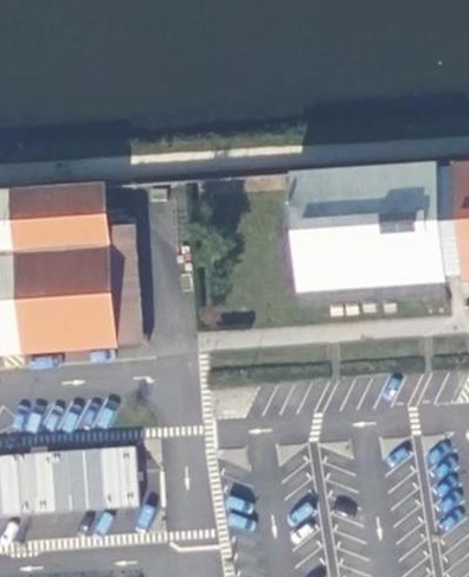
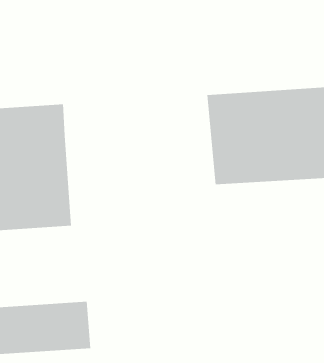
building: [104,227,143,346] -> none

